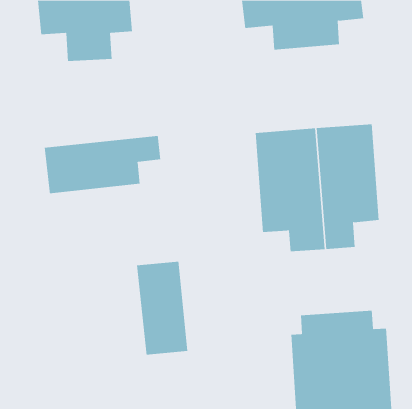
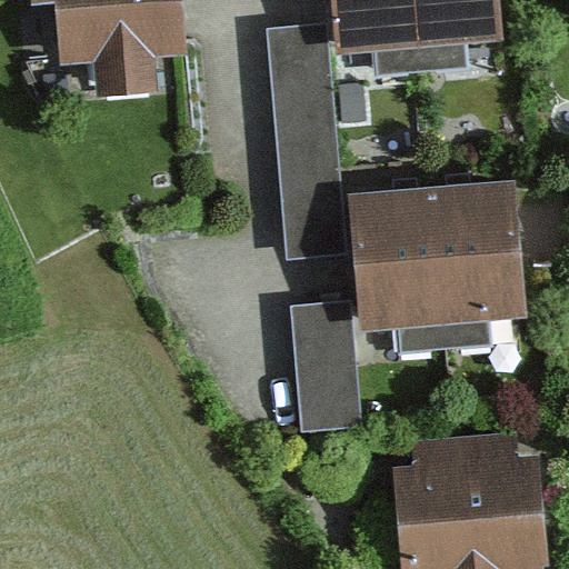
building: none -> [266,26,363,260]
building: [44,135,161,194] -> none
building: [136,261,188,355] -> [290,302,361,431]

